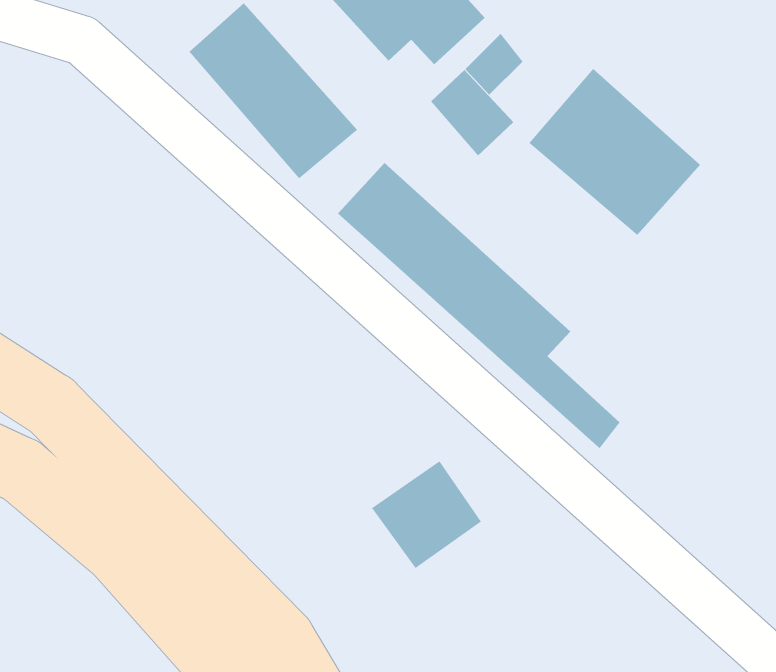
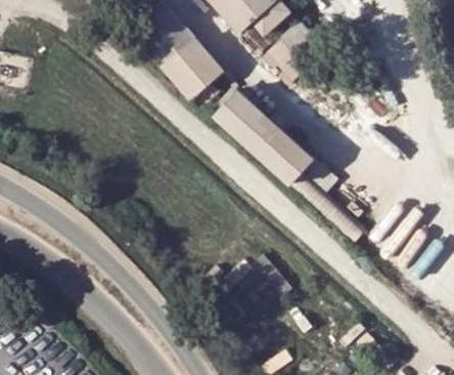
building: [529,68,701,236] -> none

